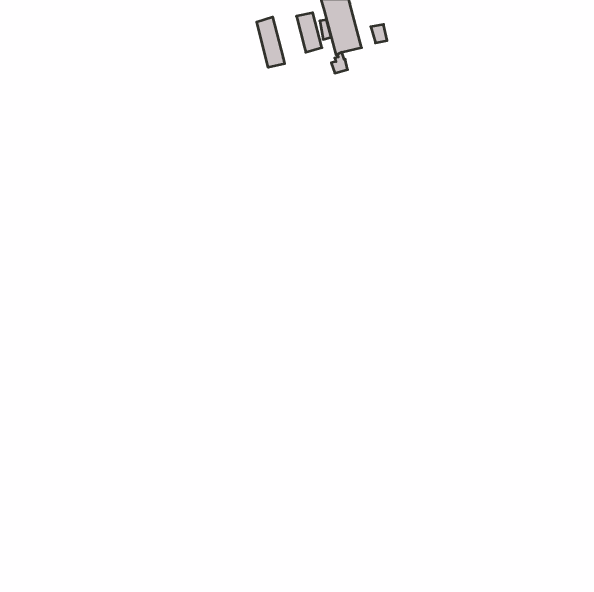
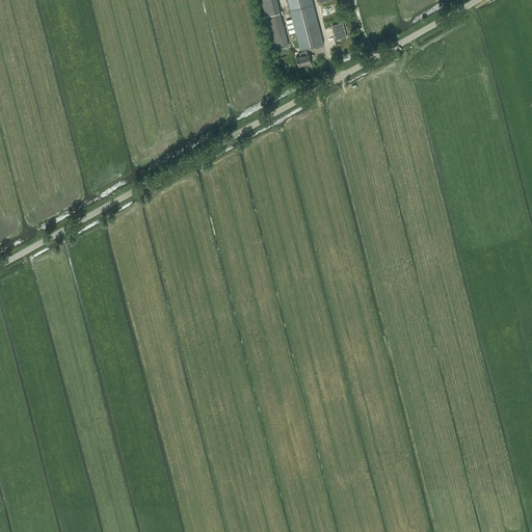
building: [257,17,285,67] -> none

